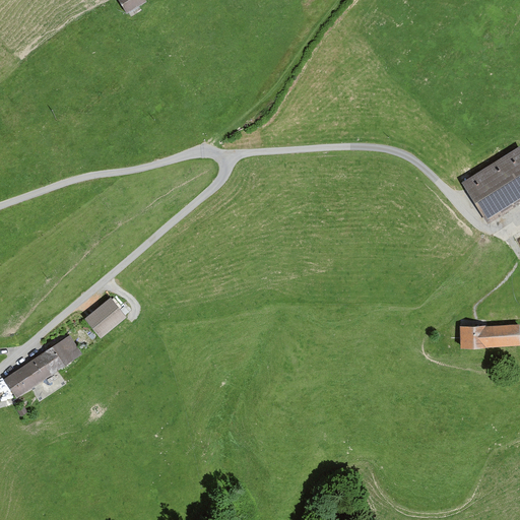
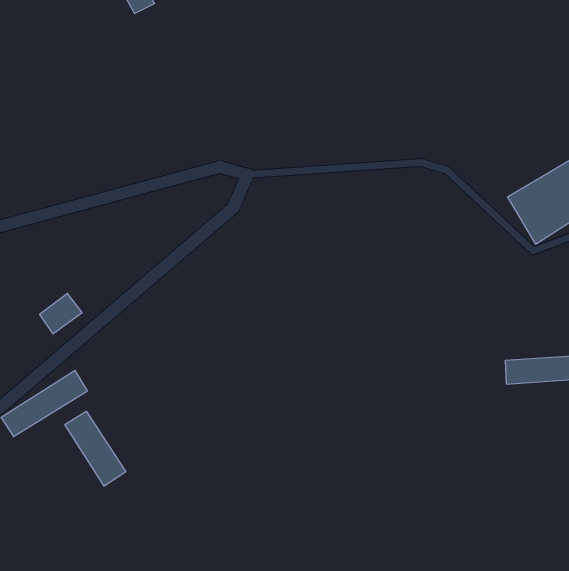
building: [85,300,124,336] -> [40,293,82,334]
building: none -> [65,411,126,486]

